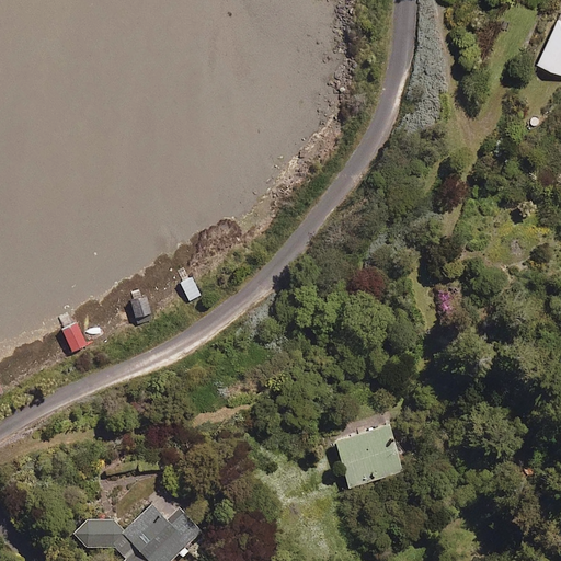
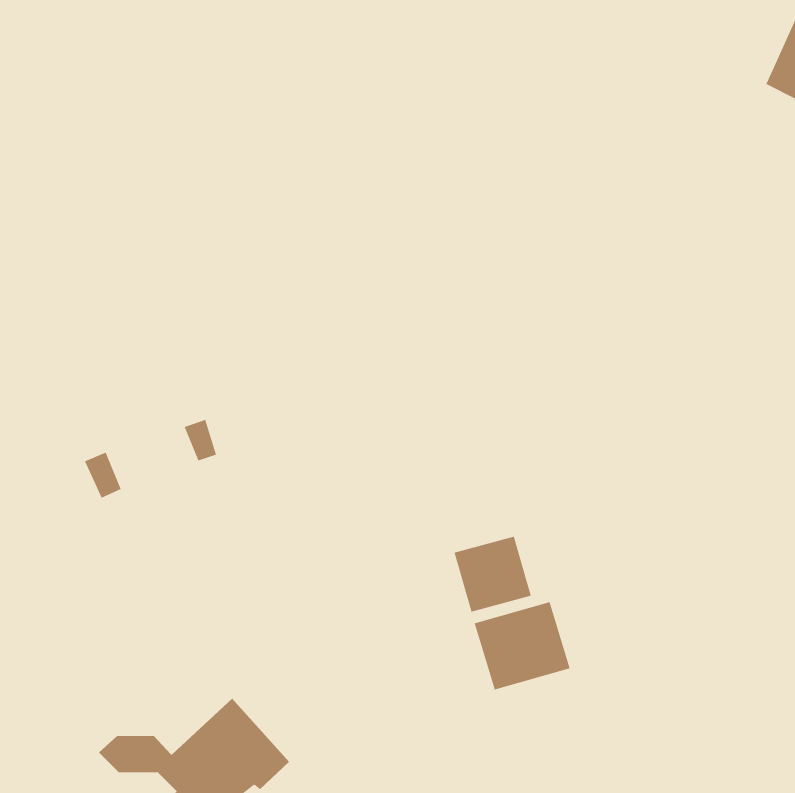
building: none -> [454,536,531,612]

